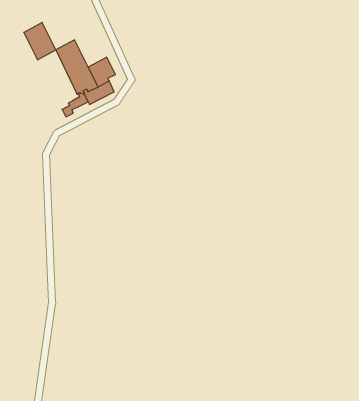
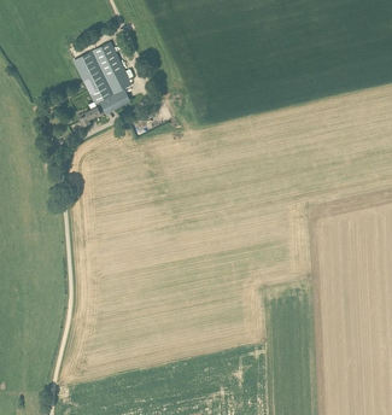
building: [24,22,56,60] -> [94,40,125,76]

